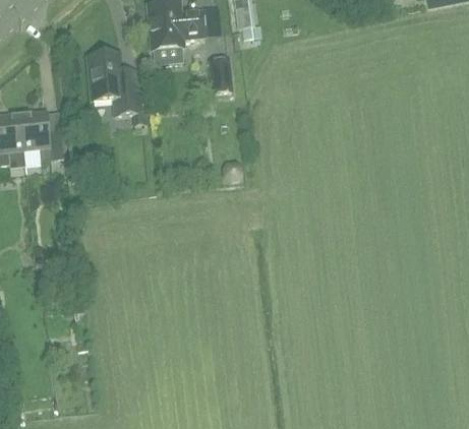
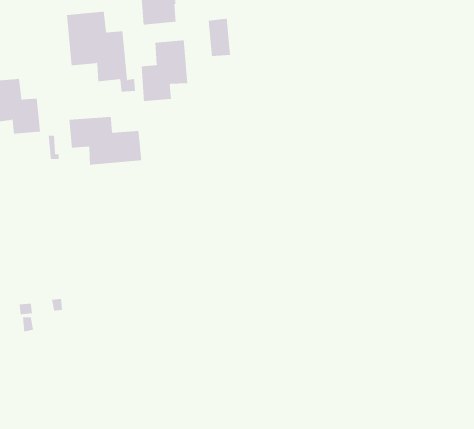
building: none -> [141,40,188,102]
building: none -> [69,116,142,166]

